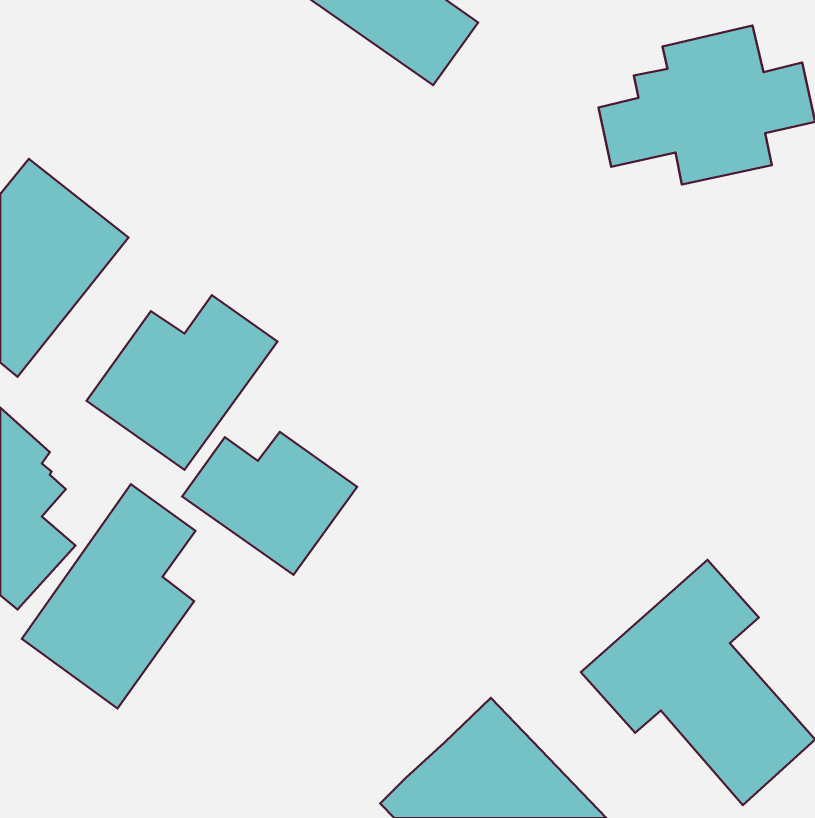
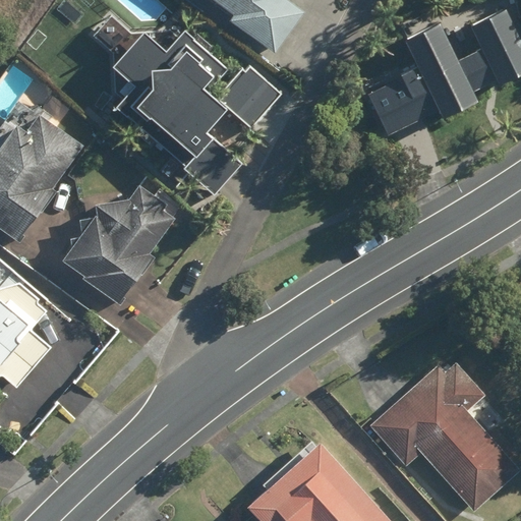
building: none -> [104,31,281,196]
building: [182,432,357,575] -> none
building: [22,484,196,709] -> none

